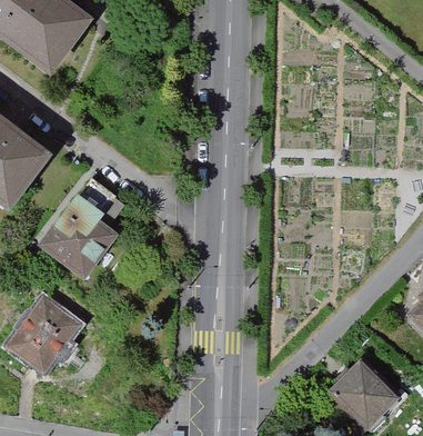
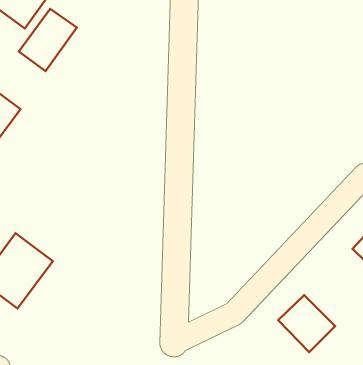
building: none -> [19,9,77,71]
building: [44,181,121,276] -> none

